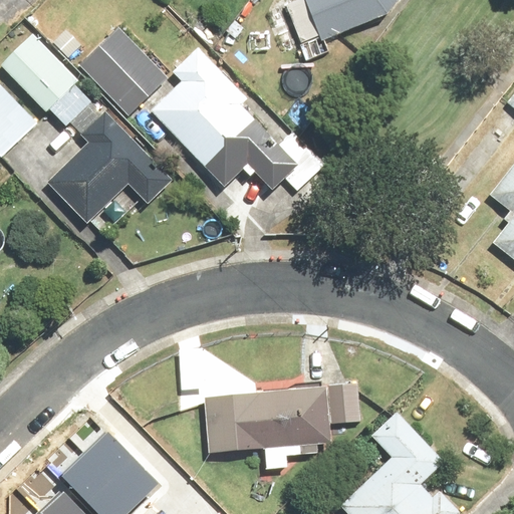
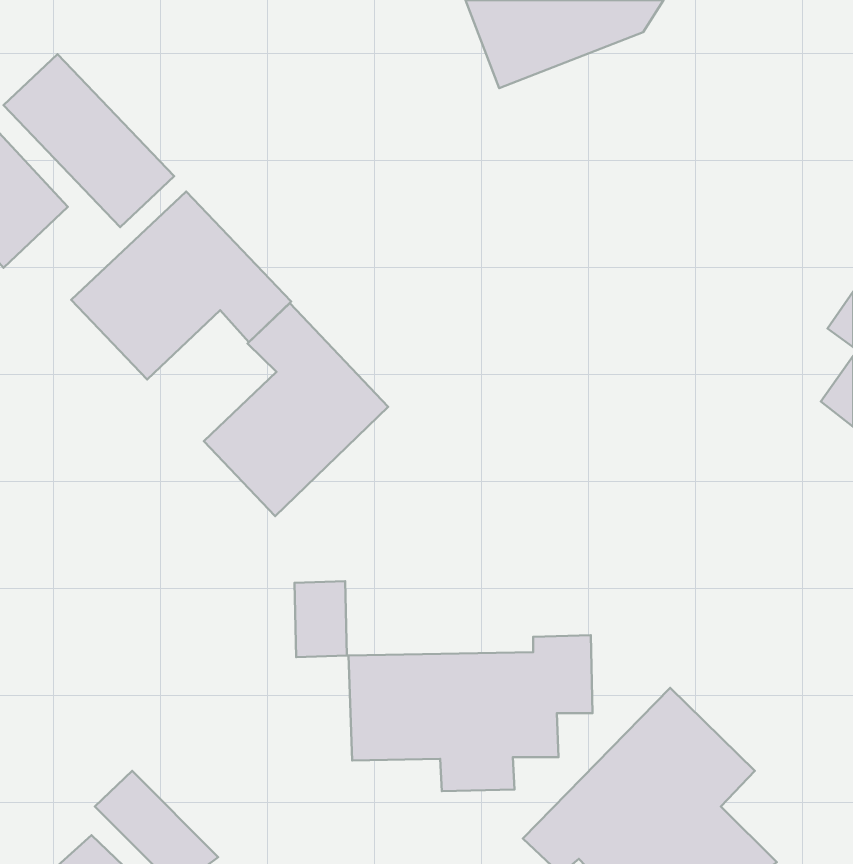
building: [77,25,315,201] -> none
building: none -> [204,303,388,516]
building: [78,436,152,509] -> none

